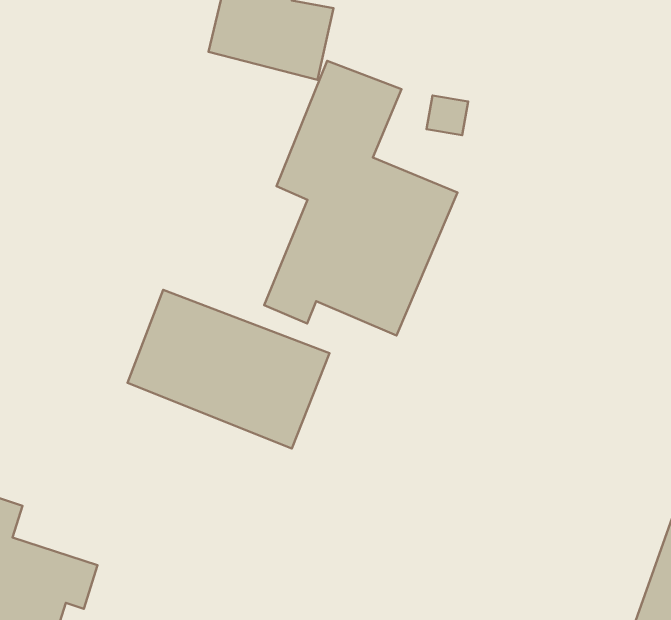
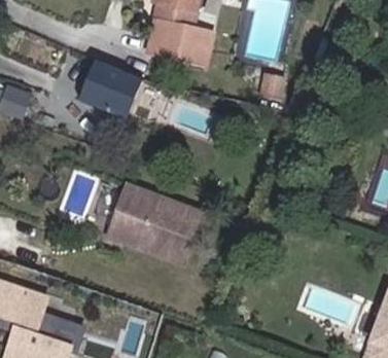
building: none -> [86,59,151,119]
building: [264,61,458,335] -> none

